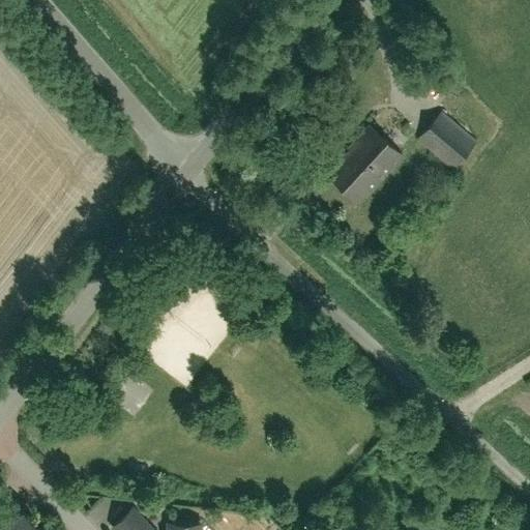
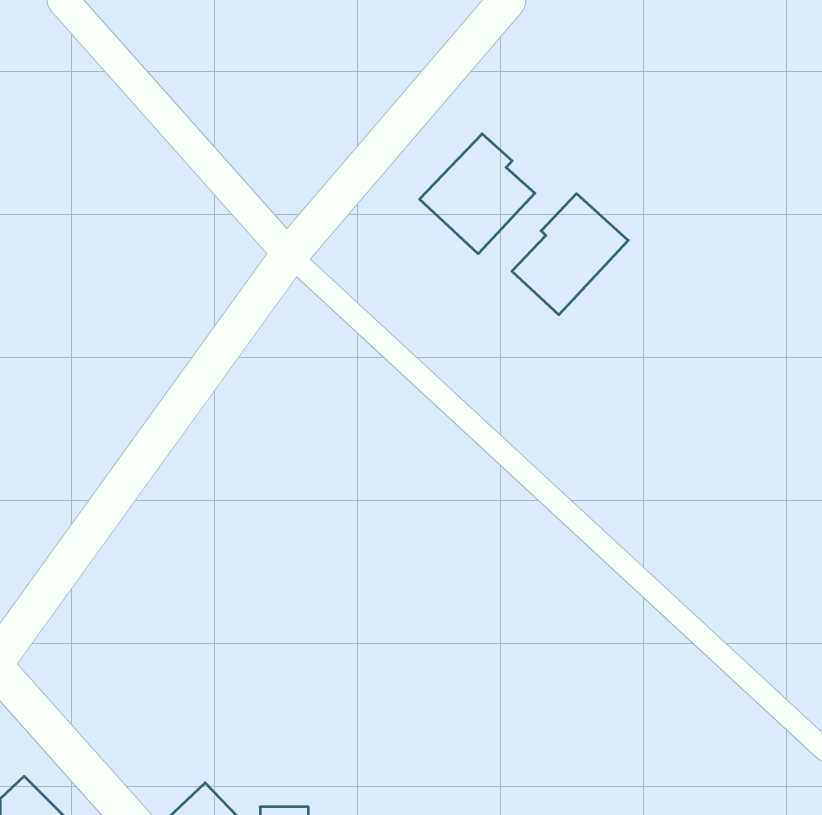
building: none -> [420,134,535,254]
building: [414,113,474,173] -> none

